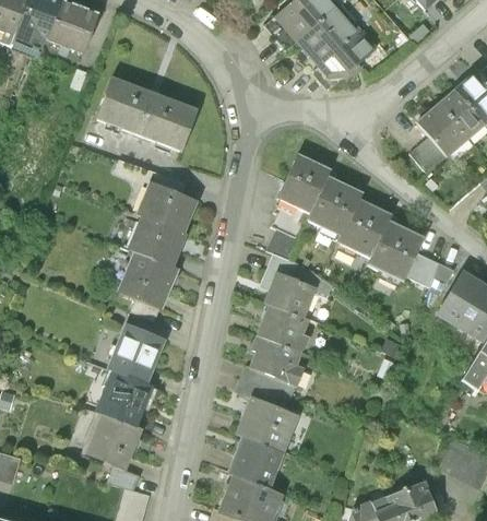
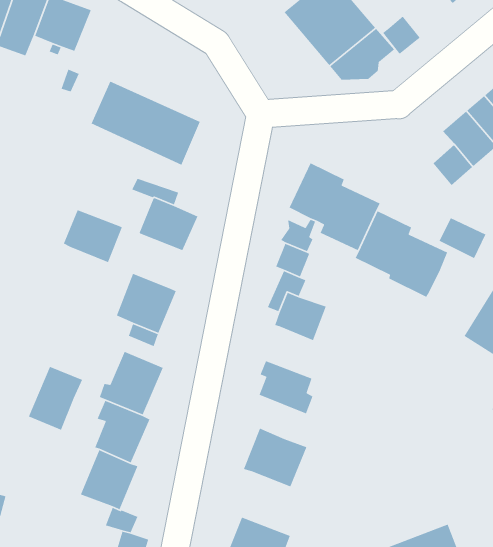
building: none -> [382,16,420,55]
building: [130,218,185,268] -> [63,209,123,263]
building: [406,251,450,289] -> [438,217,486,259]
building: [258,303,307,350] -> none
building: none -> [28,366,83,431]
building: [237,364,295,404] -> none
building: [229,435,281,487] -> none

